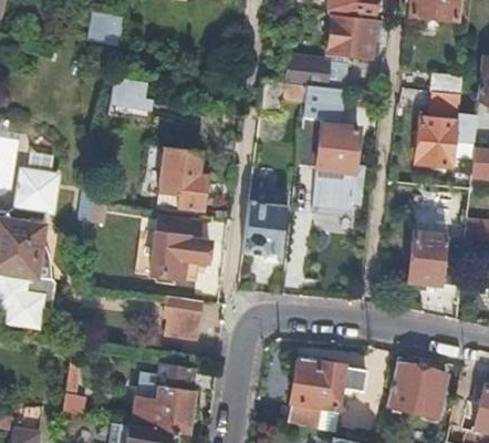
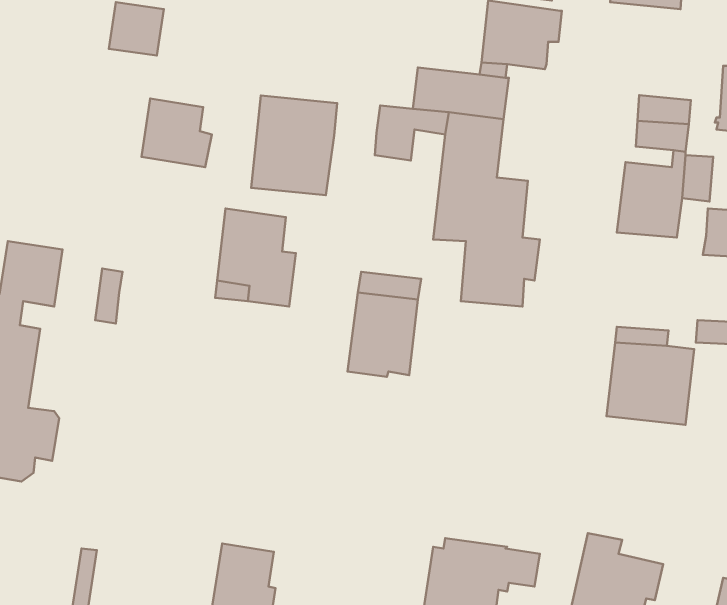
building: none -> [251,96,337,195]
building: [150,214,210,280] -> none
building: [166,296,204,339] -> none

